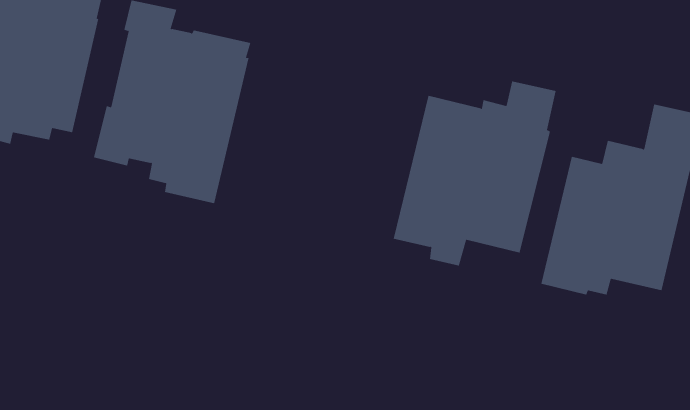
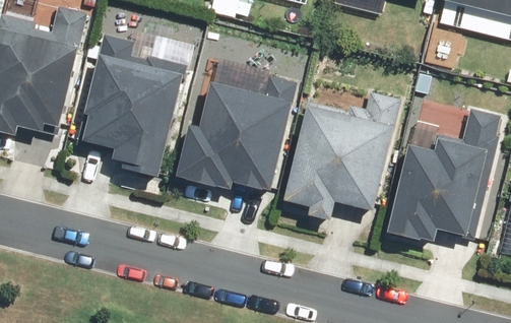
building: none -> [177,75,296,191]

